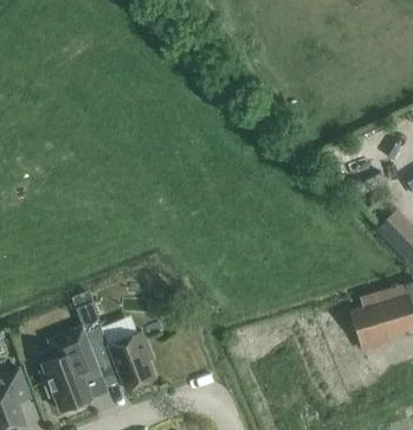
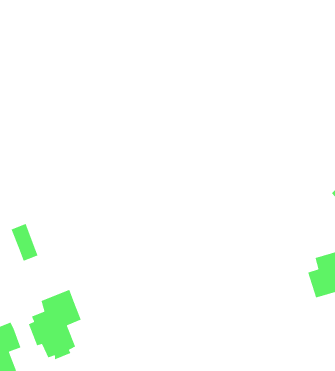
building: [77,301,109,345] -> [10,223,39,262]
building: [109,330,157,390] -> none

